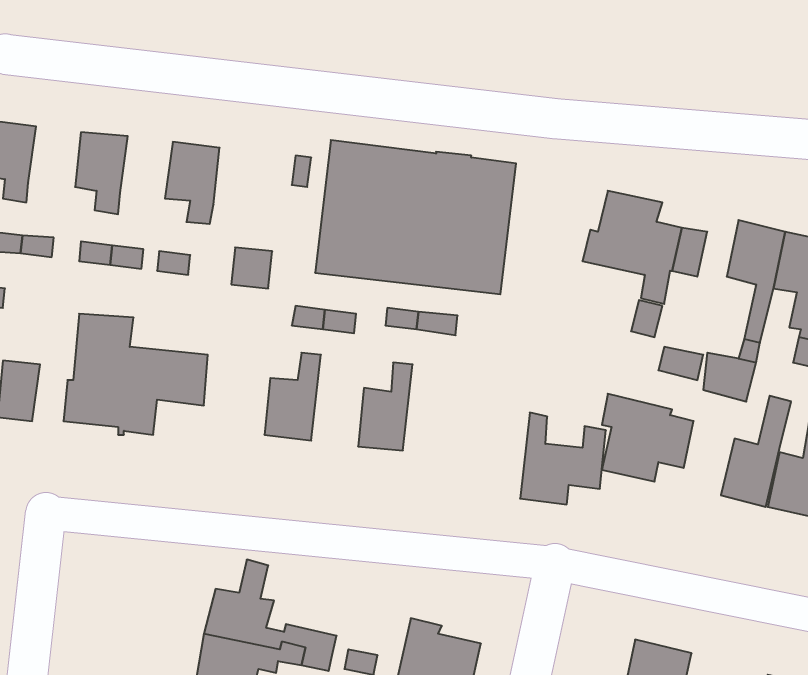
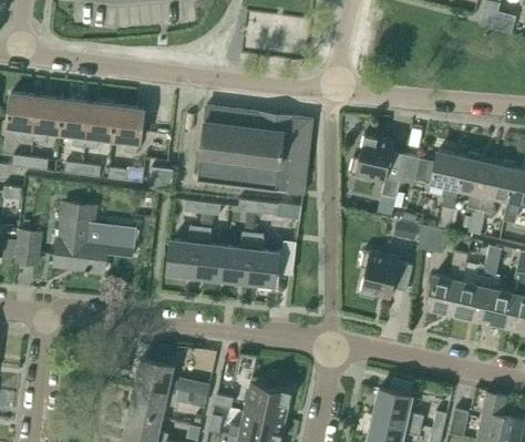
building: none -> [33,97,64,142]
building: none -> [85,103,116,148]
building: none -> [195,227,225,279]
building: [520,413,606,504] -> [247,233,296,285]

